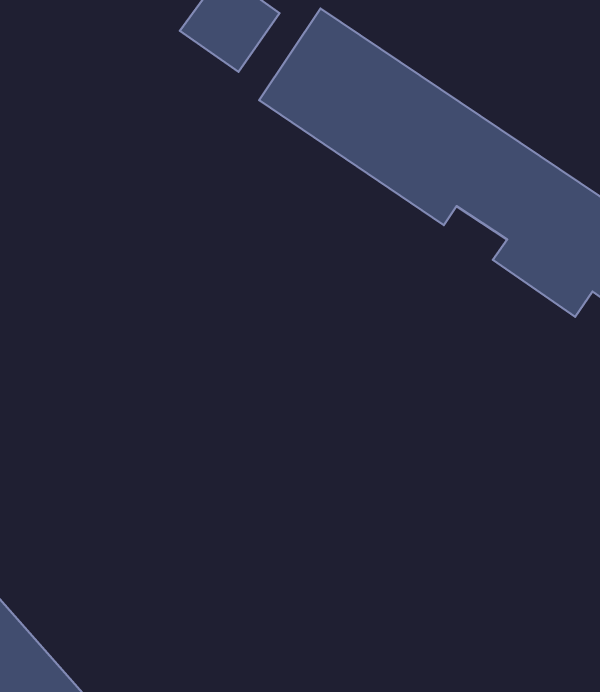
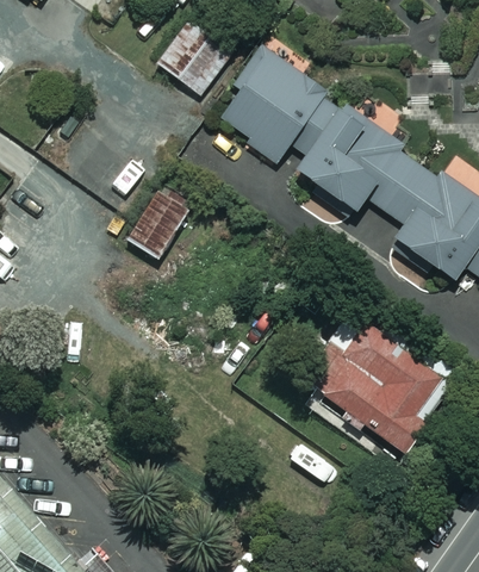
building: none -> [123,186,194,267]
building: none -> [299,312,438,453]

